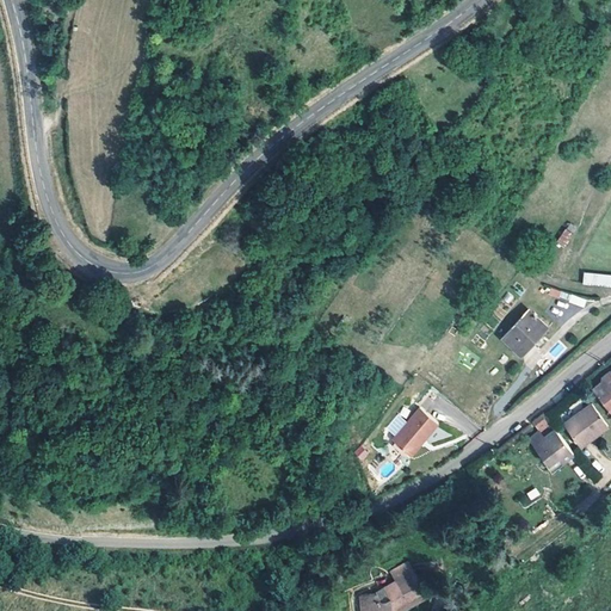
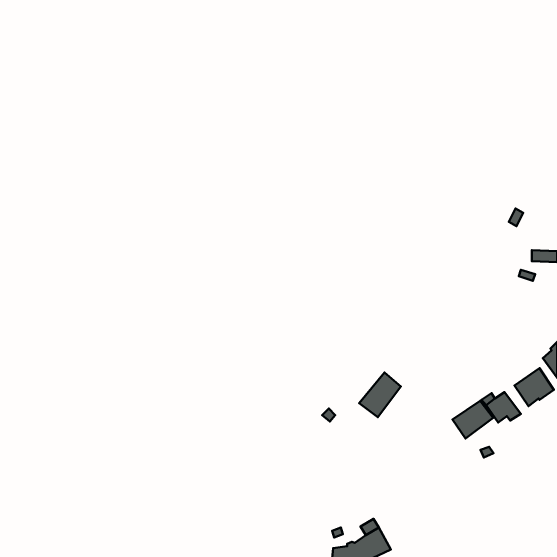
building: [505,311,547,354] -> none
building: none -> [452,401,493,439]

